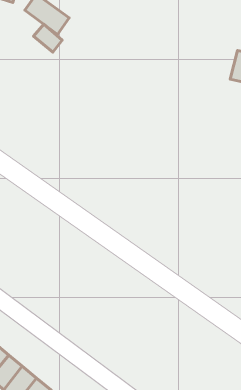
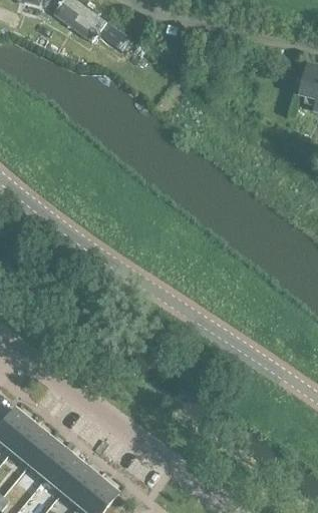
building: [34,24,62,52] -> [101,18,135,51]

